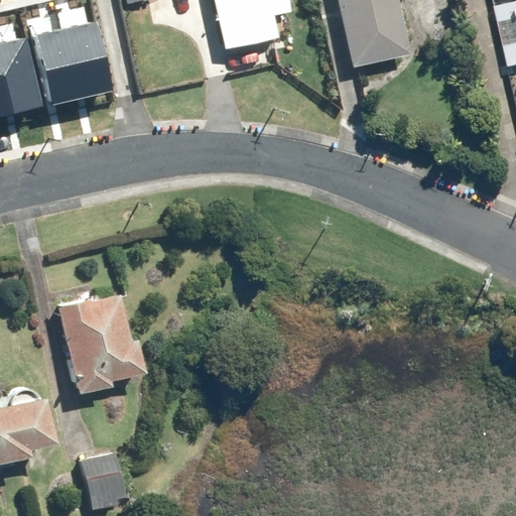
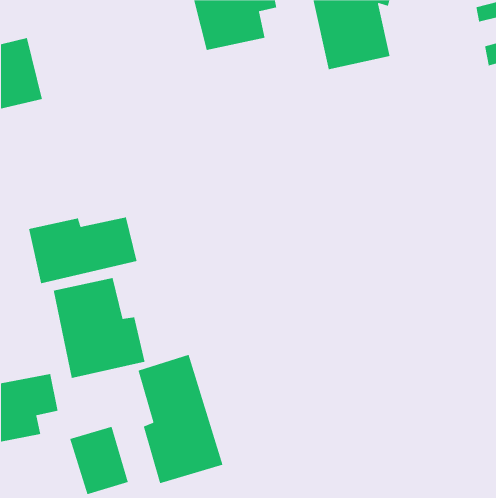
building: [43,23,114,101] -> none
building: none -> [28,216,137,284]
building: none -> [138,354,223,484]

